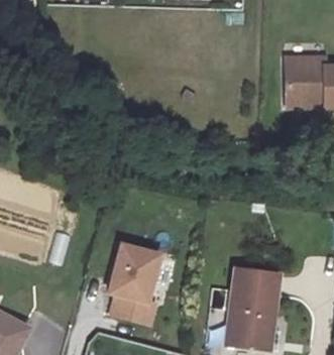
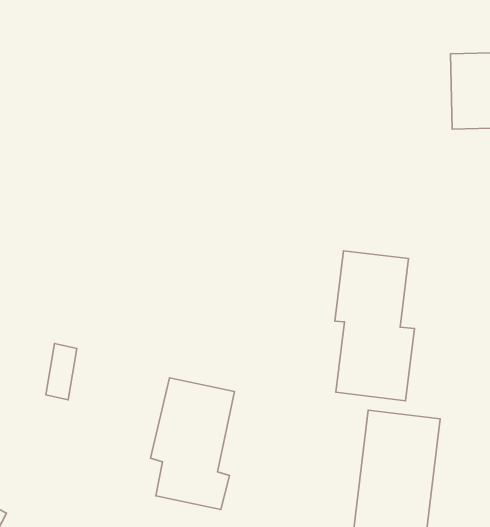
building: none -> [335,251,414,401]

